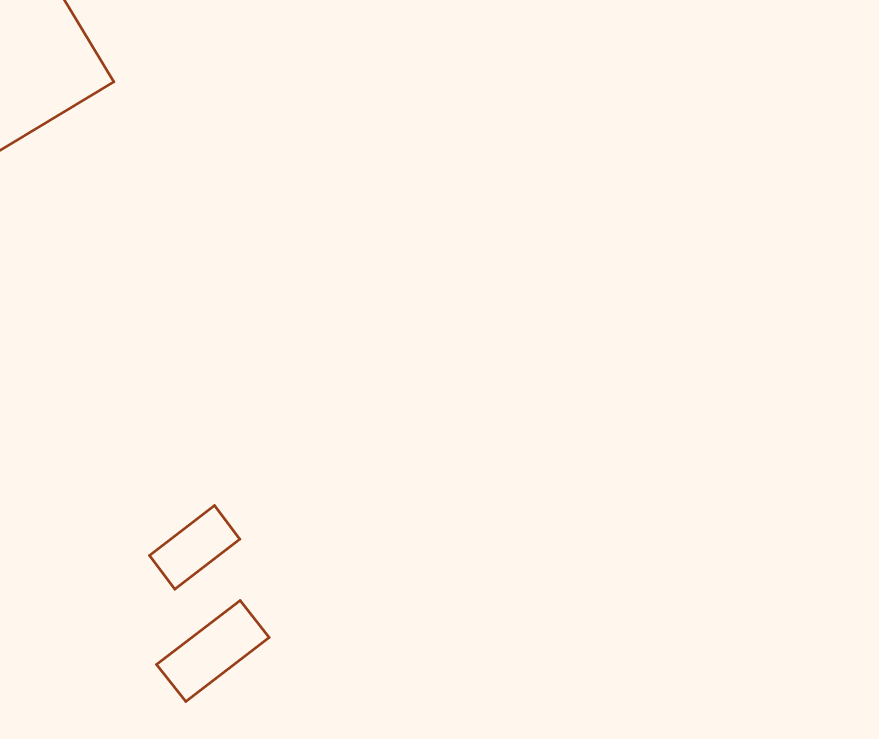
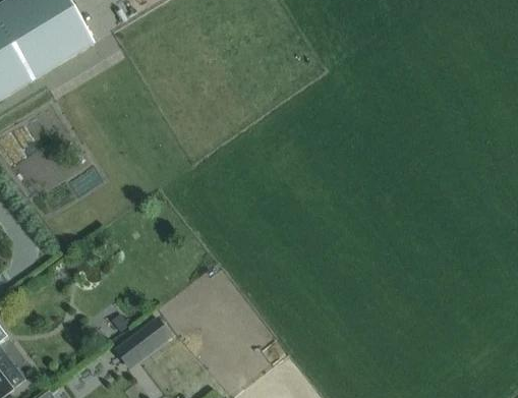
building: [149,505,240,589] -> none

